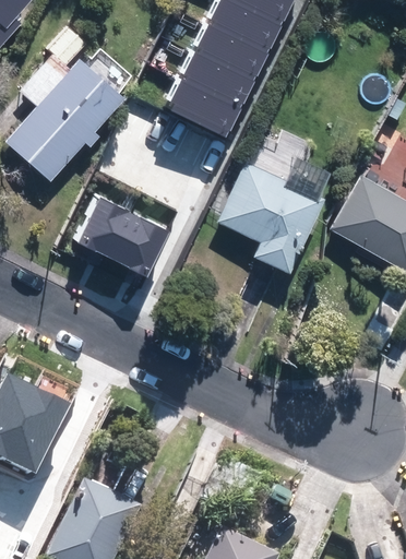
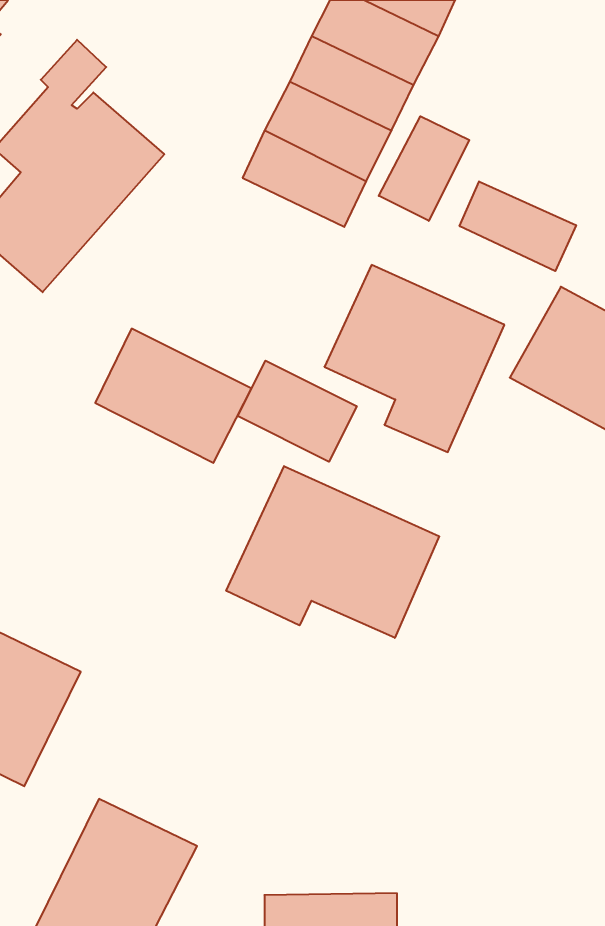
building: none -> [379,116,469,221]
building: none -> [460,181,576,271]
building: none -> [238,361,357,462]
building: none -> [226,466,439,638]

